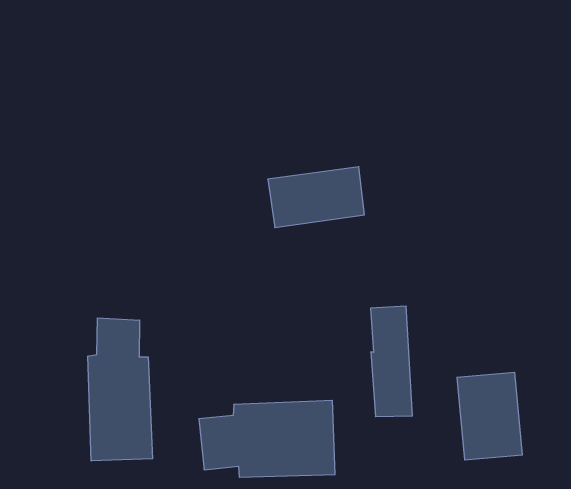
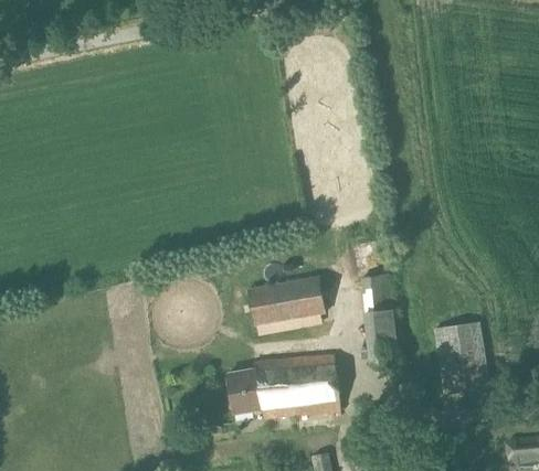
building: [268,167,364,228] -> [247,274,327,327]
building: [88,318,152,461] -> none

